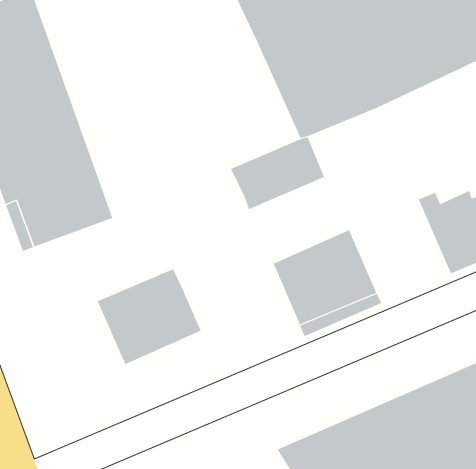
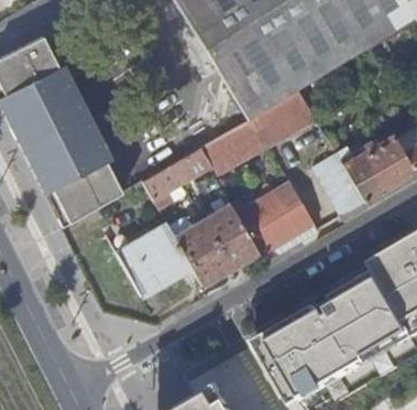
building: none -> [252,90,316,144]
building: none -> [142,147,211,206]
building: none -> [312,152,365,216]
building: none -> [175,202,261,282]

